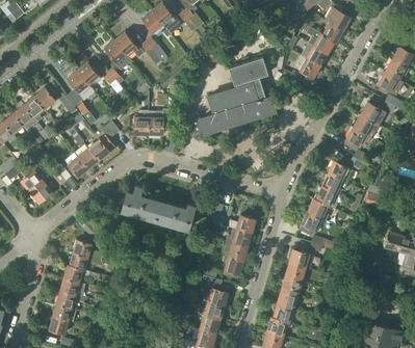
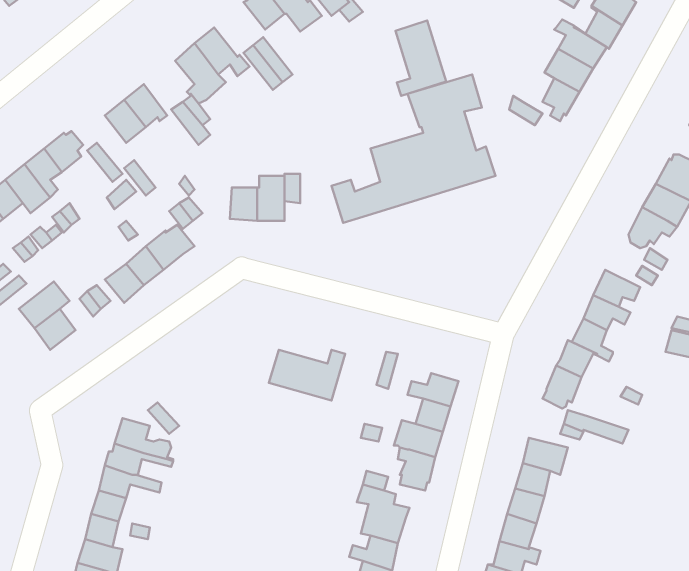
building: none -> [395,20,446,96]
building: [122,185,160,220] -> none

